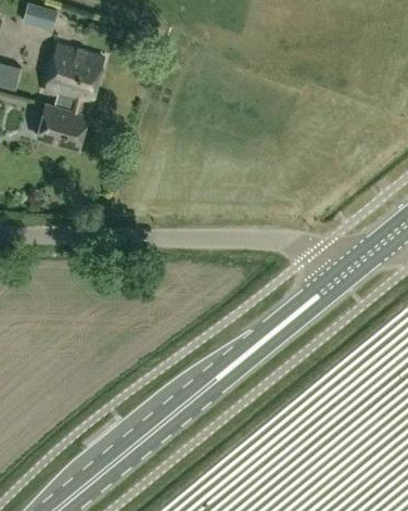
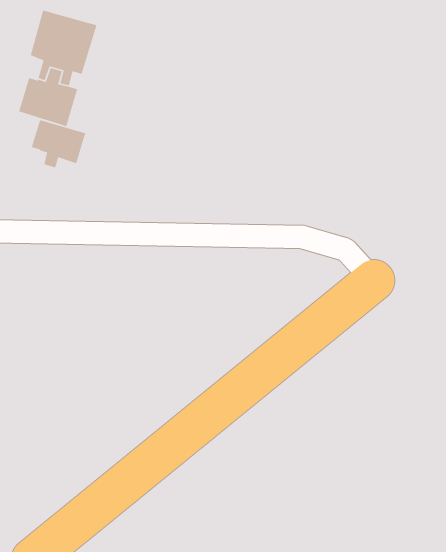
building: none -> [31,119,86,169]

